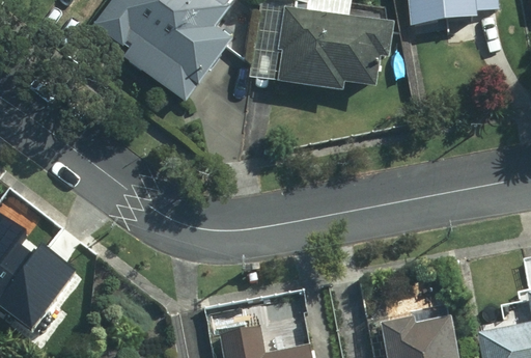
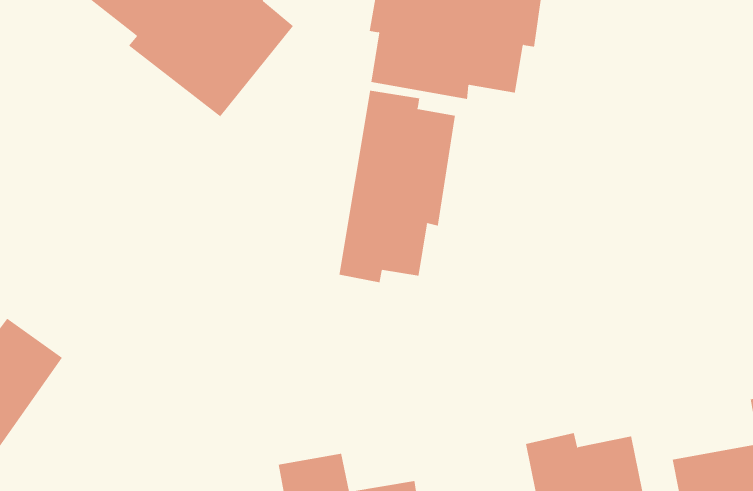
building: none -> [339,90,456,283]

